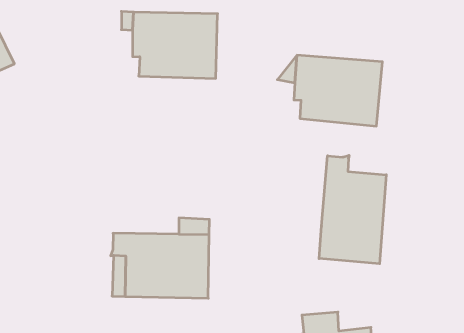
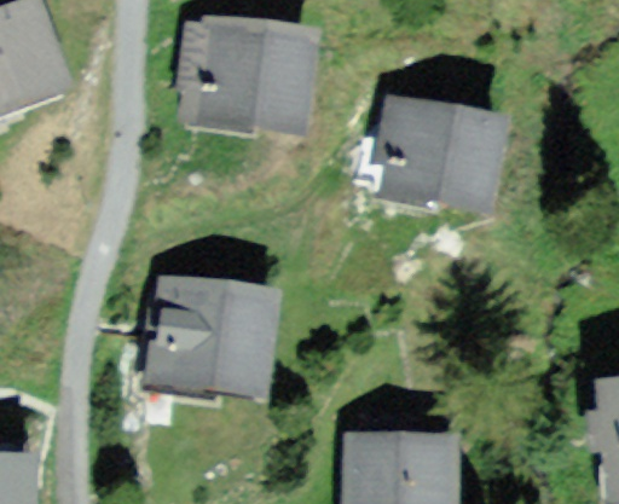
building: [319,155,386,264] -> none

